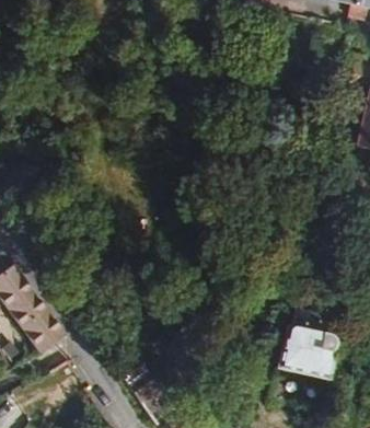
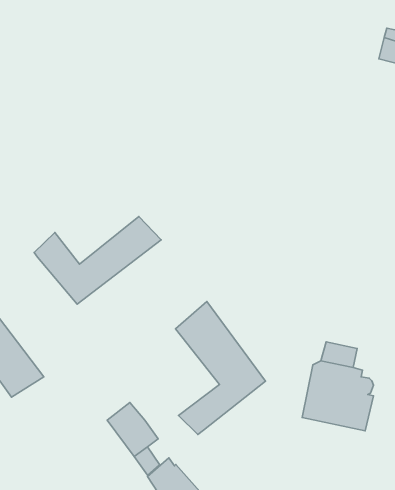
building: none -> [34,216,161,304]
building: none -> [176,302,266,435]

